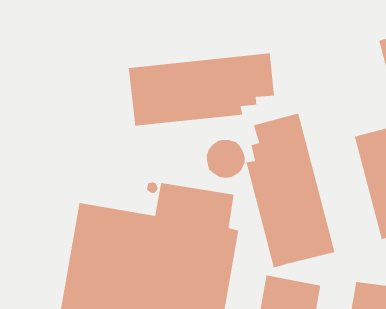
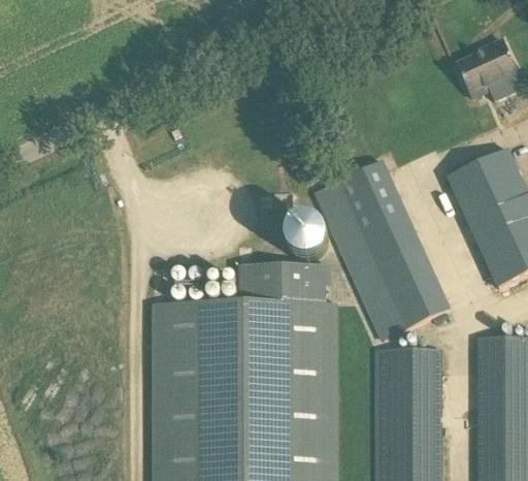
building: [128,52,275,127] -> none

